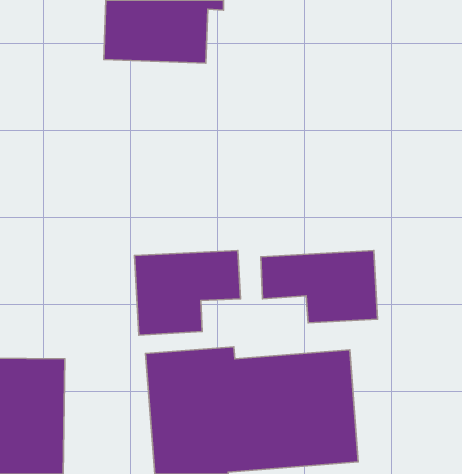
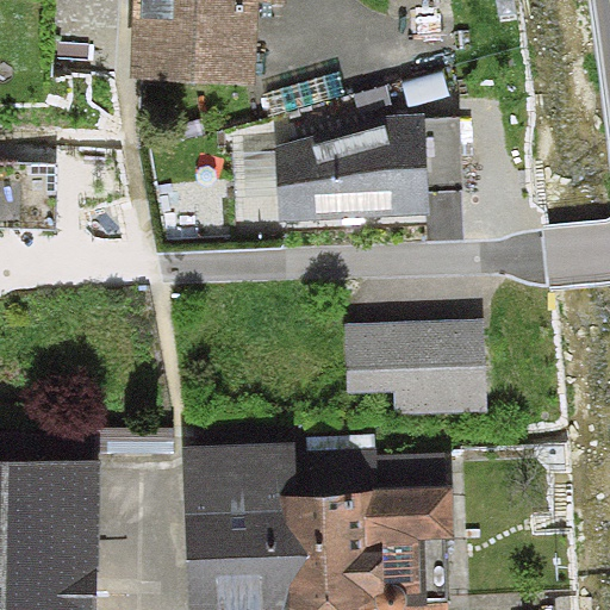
building: none -> [263,119,423,228]
building: [134,250,241,335] -> none

